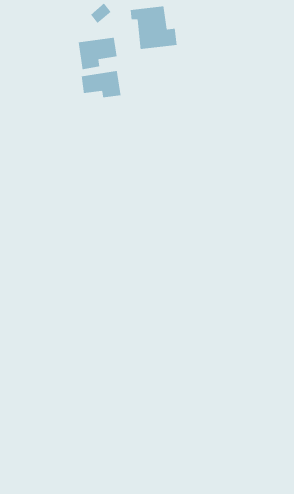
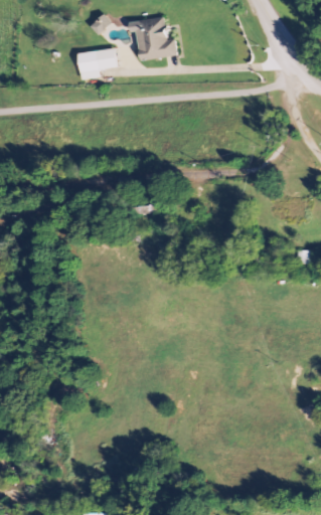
building: [81,70,121,98] -> none

